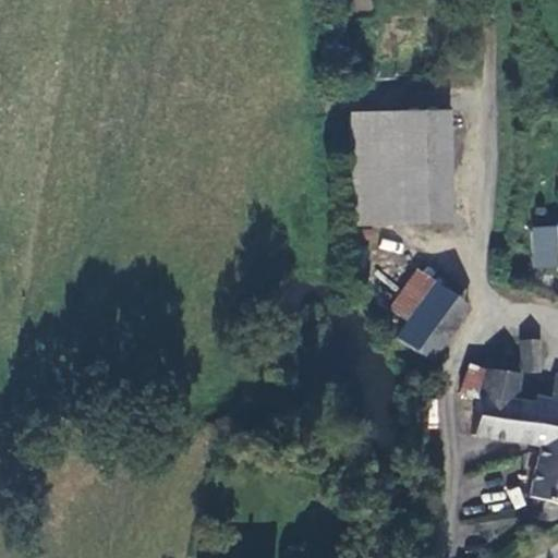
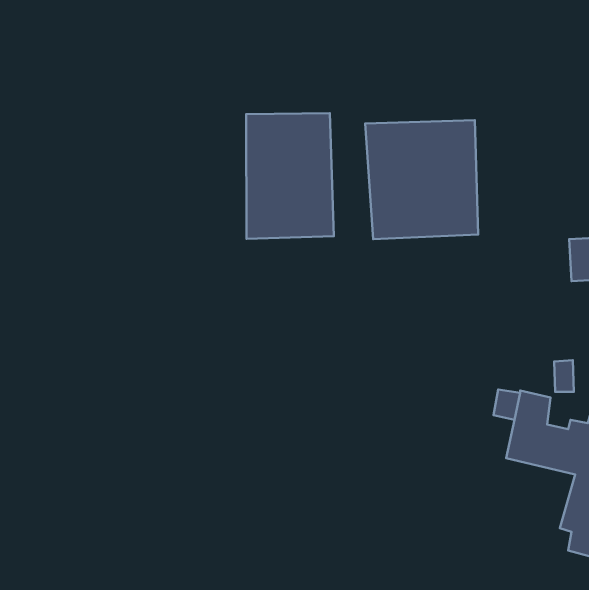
building: none -> [246,113,334,239]
building: [385,271,471,359] -> none

